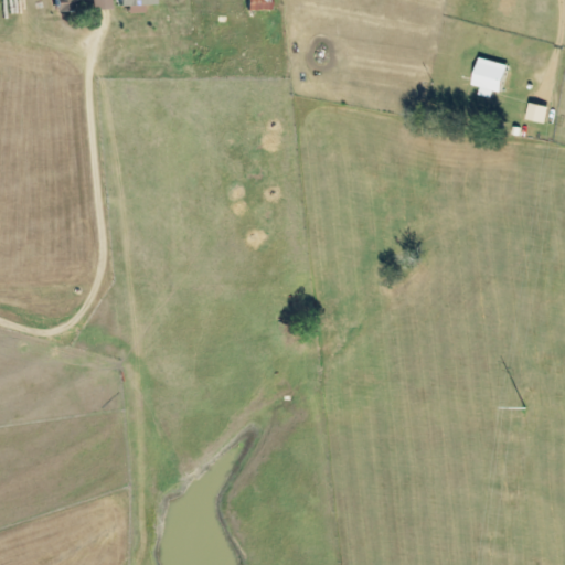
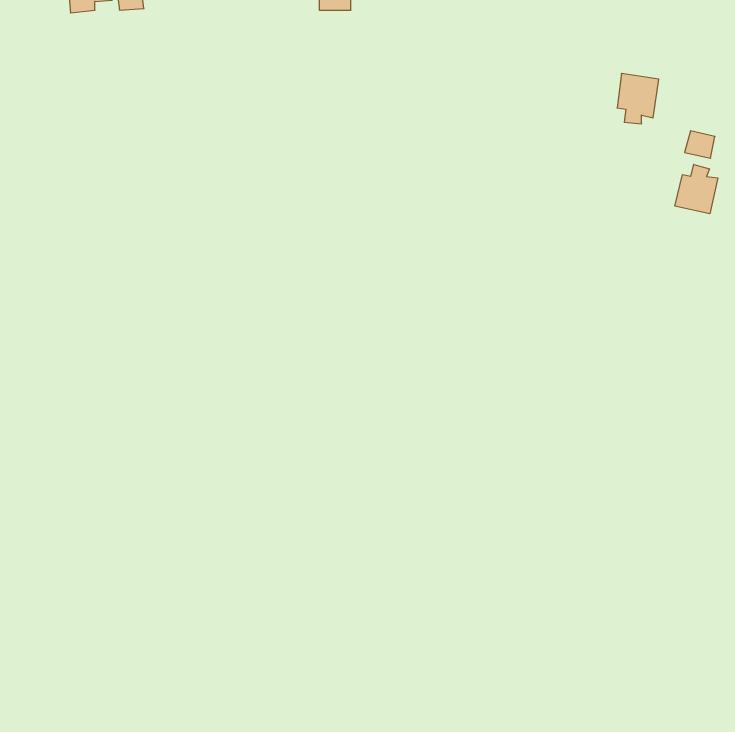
building: none -> [675,164,718,214]

